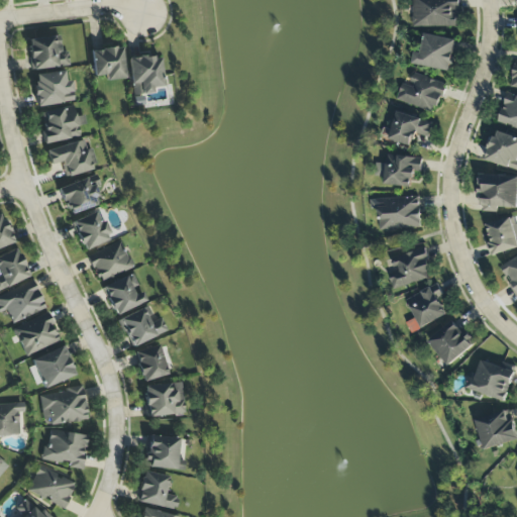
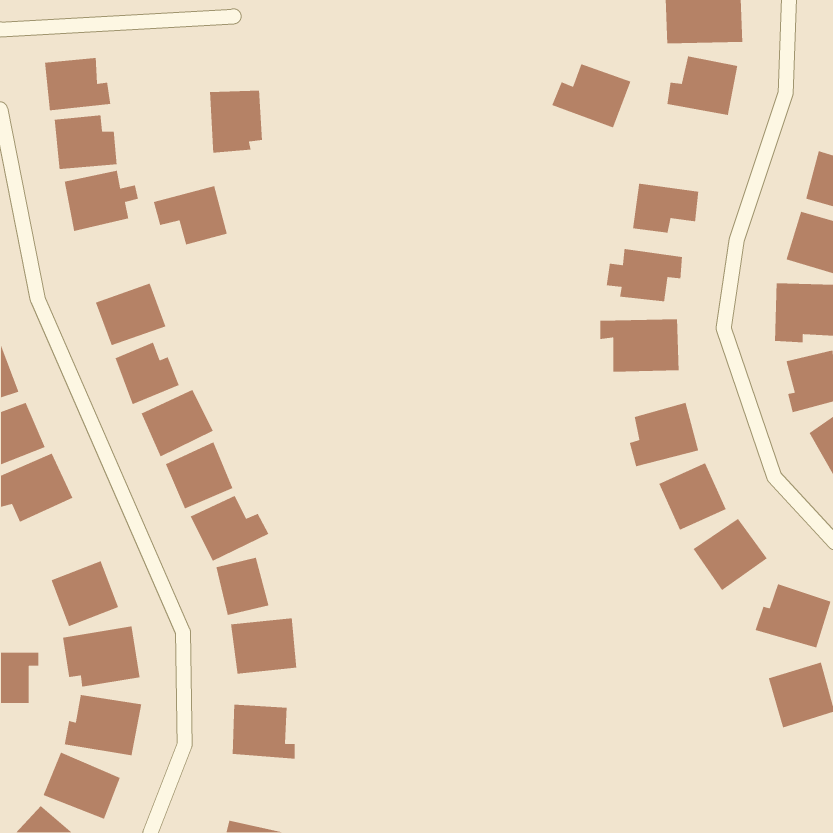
building: [92,46,126,80] -> none
building: [397,73,446,113] -> [551,63,631,128]
building: [45,139,92,177] -> [153,185,228,246]
building: [13,312,60,356] -> none
building: [136,471,178,509] -> none

